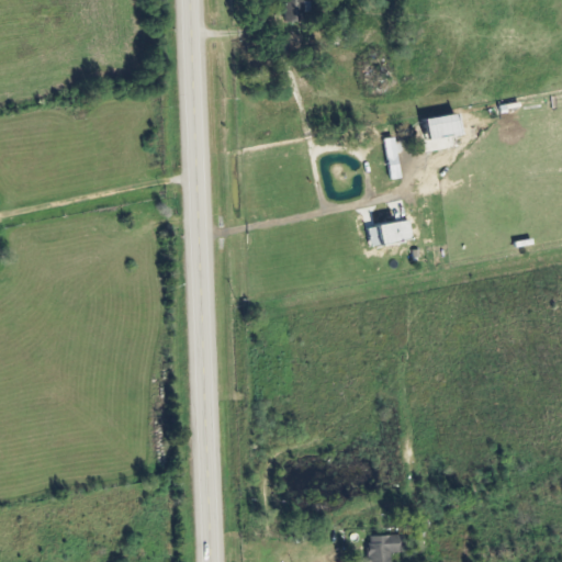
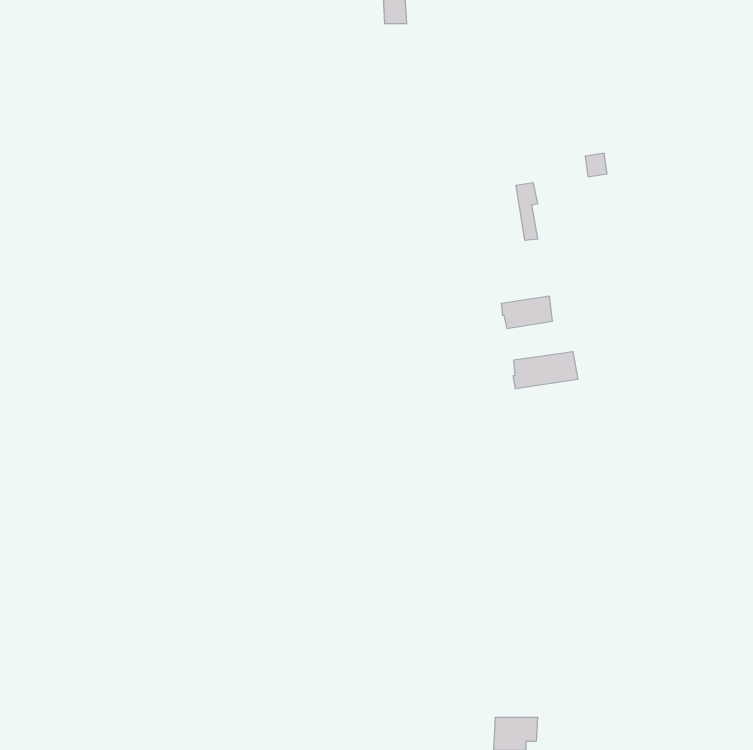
building: none -> [513,351,578,389]

